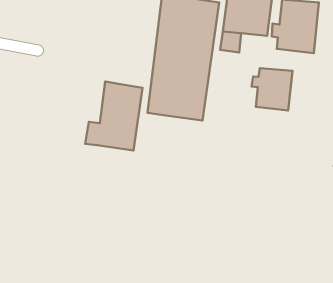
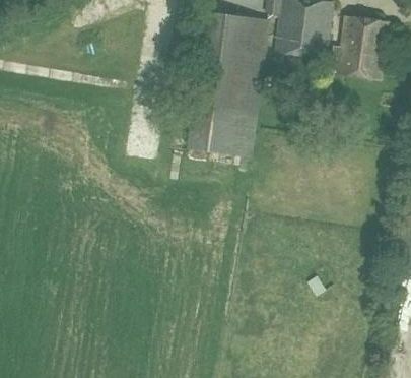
building: [252,68,292,111] -> none
building: [85,81,142,150] -> none

